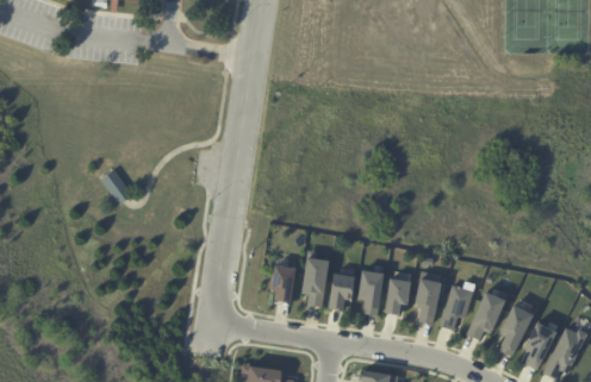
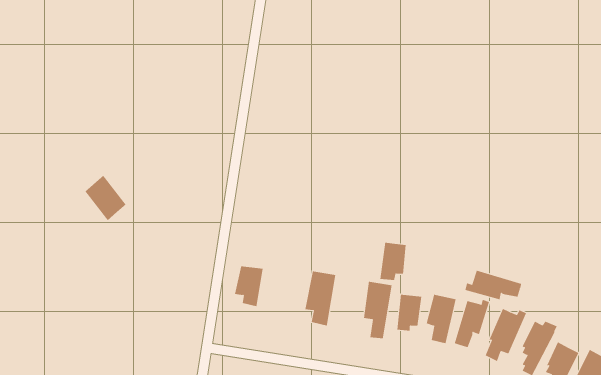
building: none -> [465,270,522,300]
building: [272,263,299,301] -> [234,266,264,307]
building: [331,273,356,308] -> [380,242,406,281]

